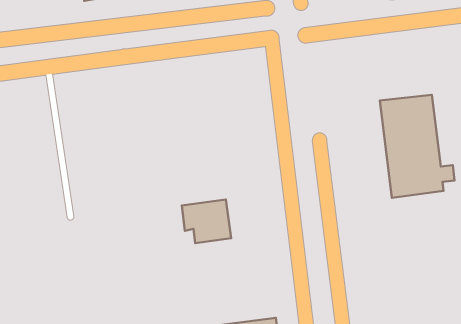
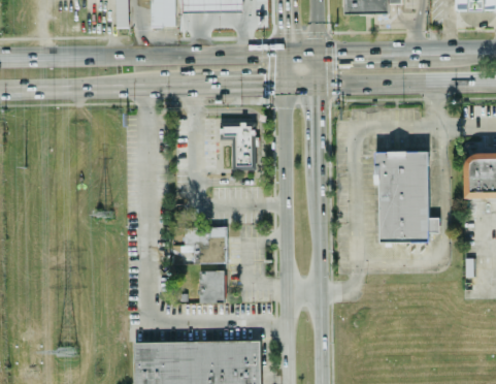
building: none -> [220,122,255,165]
building: none -> [199,270,225,302]

